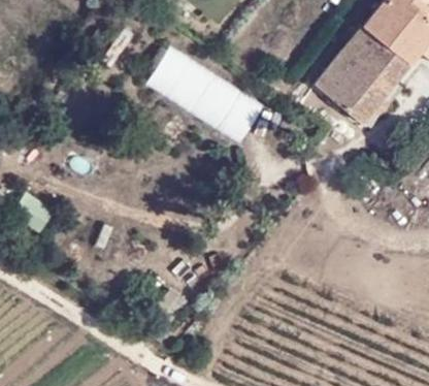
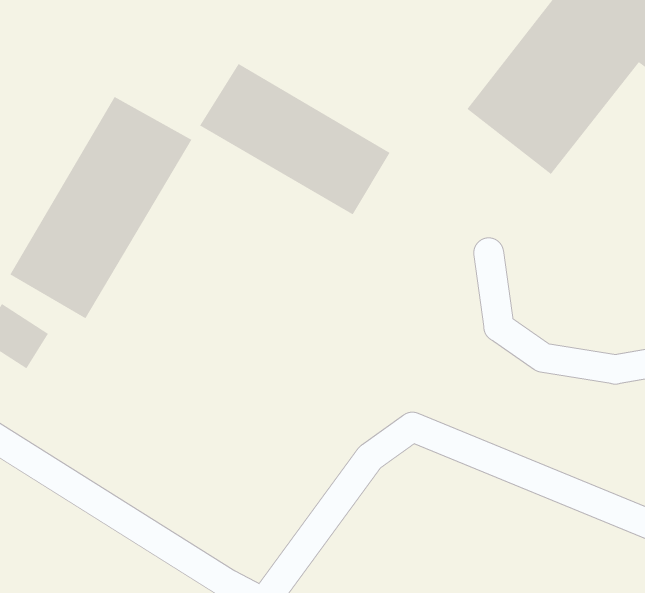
building: none -> [10,96,192,319]

